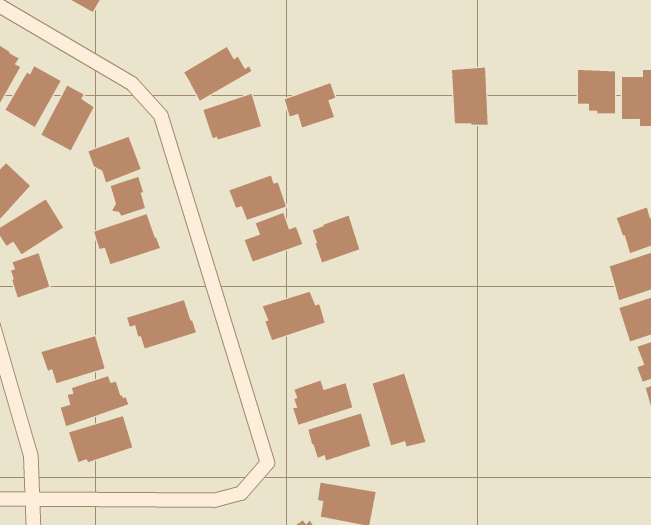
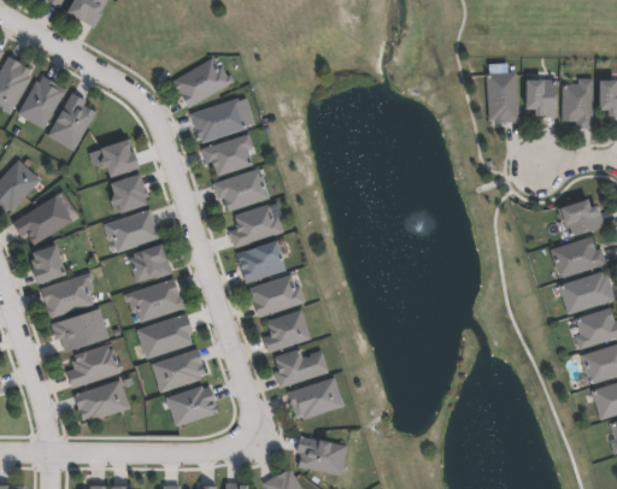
building: [451,67,489,125] -> [483,71,516,122]
building: [284,83,336,128] -> [205,134,251,173]
building: [312,215,360,263] -> [239,237,281,279]
building: none -> [123,238,166,277]
building: none -> [31,266,84,311]
building: none -> [259,305,306,344]
building: none -> [137,313,194,359]
building: [372,373,426,447] -> none
building: none -> [154,348,210,393]
building: none -> [169,385,223,426]

